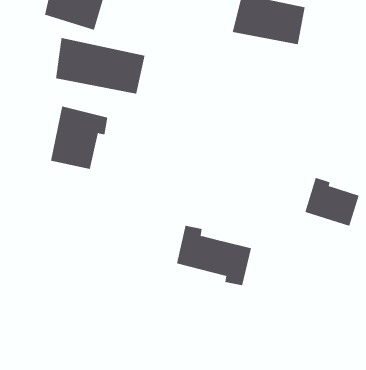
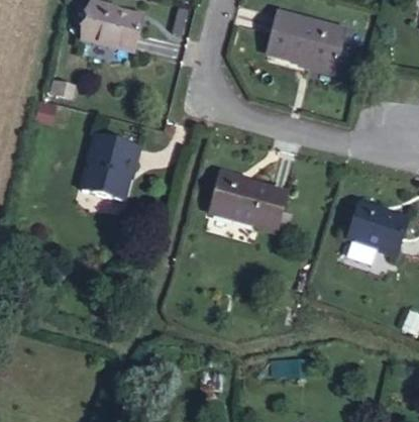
building: [55,37,145,94] -> none
building: [176,225,252,286] -> [213,173,292,236]

